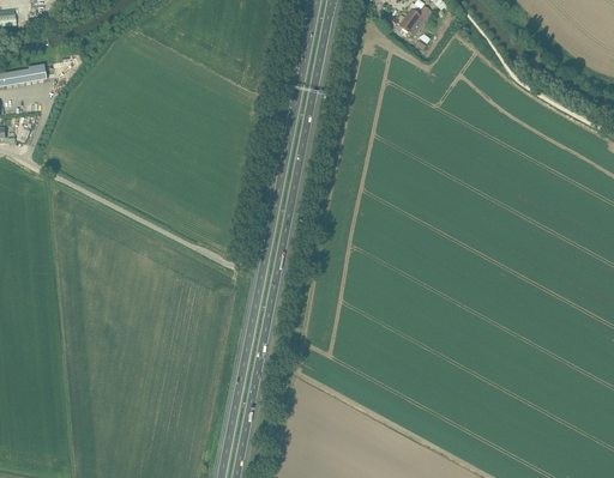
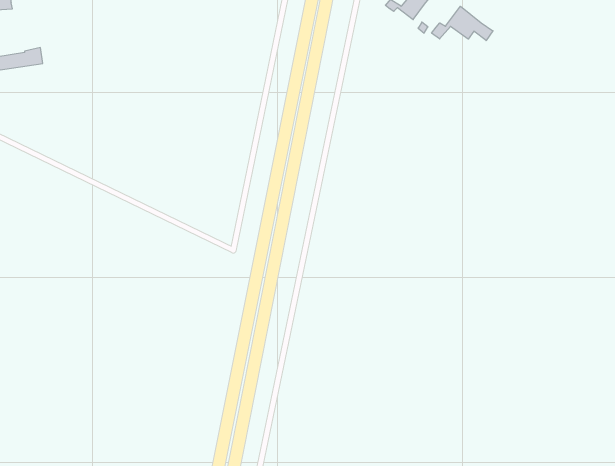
building: none -> [432,6,493,41]

